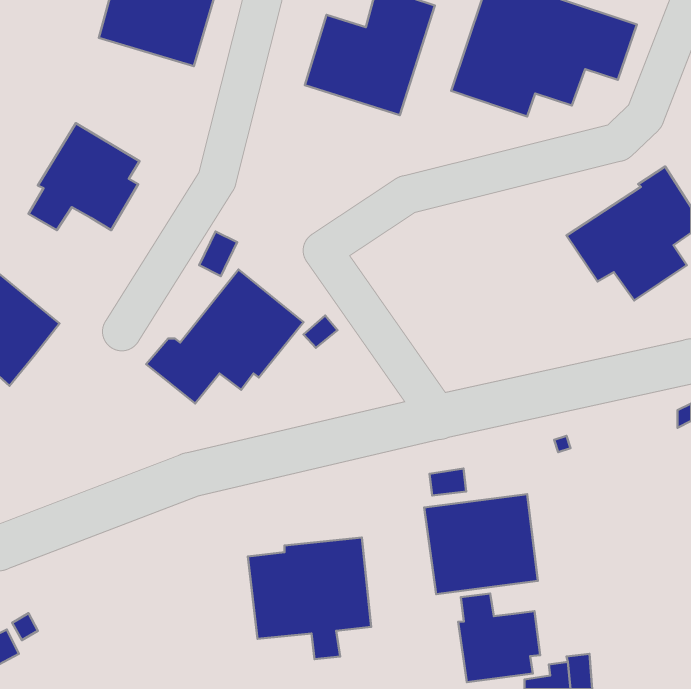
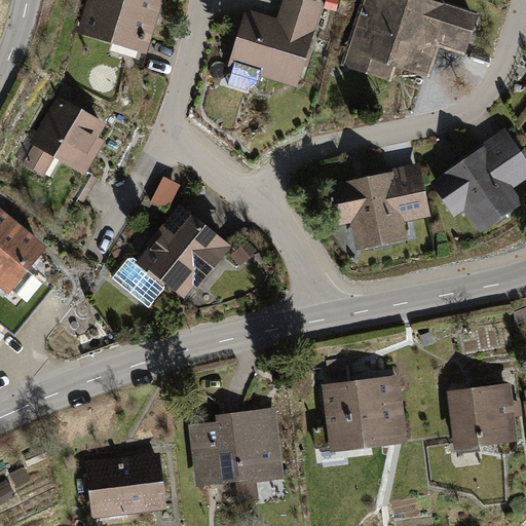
building: none -> [328,162,430,249]
building: none -> [448,382,518,447]
building: [458,594,540,682] -> none
building: none -> [86,453,165,517]

